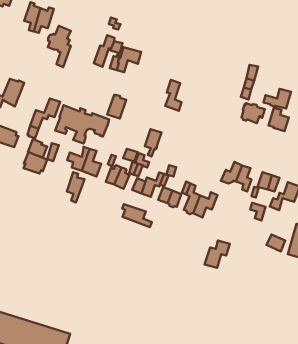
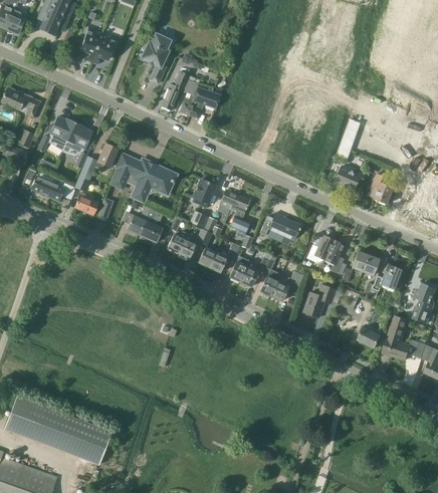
building: [48,26,71,67] -> [142,33,171,83]
building: [165,80,181,111] -> [229,195,249,233]
building: none -> [62,124,91,169]
building: [263,89,291,109] -> none
building: [107,95,126,119] -> [191,179,215,208]
building: none -> [259,213,299,246]
building: [24,152,47,173] -> none
building: [67,172,84,202] -> none
building: [122,204,152,227] -> none
building: [205,240,230,268] -> [302,284,335,317]

